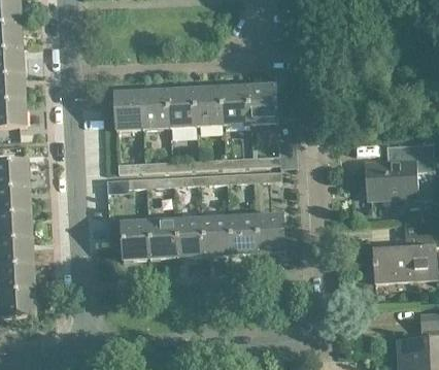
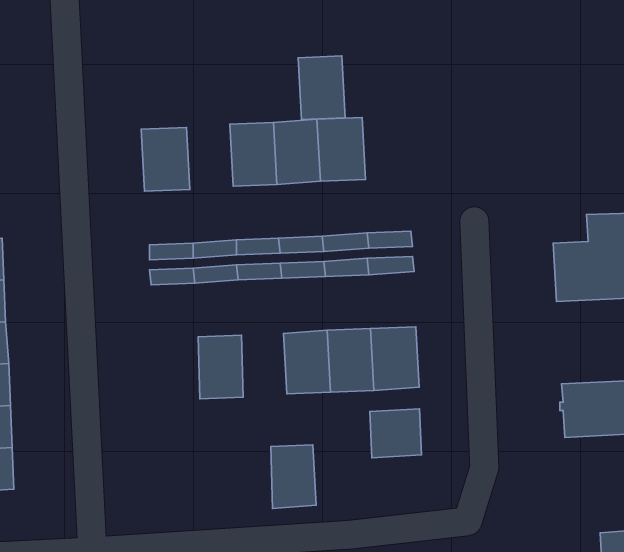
building: [249,83,278,123] -> [298,56,345,120]
building: [141,89,170,129] -> none
building: [175,217,203,257] -> [271,445,316,509]
building: [121,220,149,259] -> none
building: none -> [370,409,421,458]

